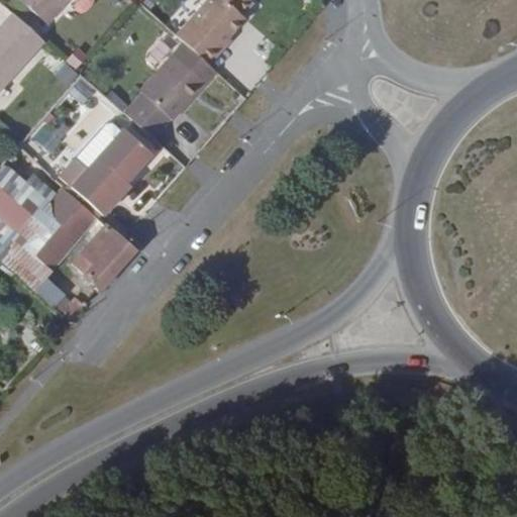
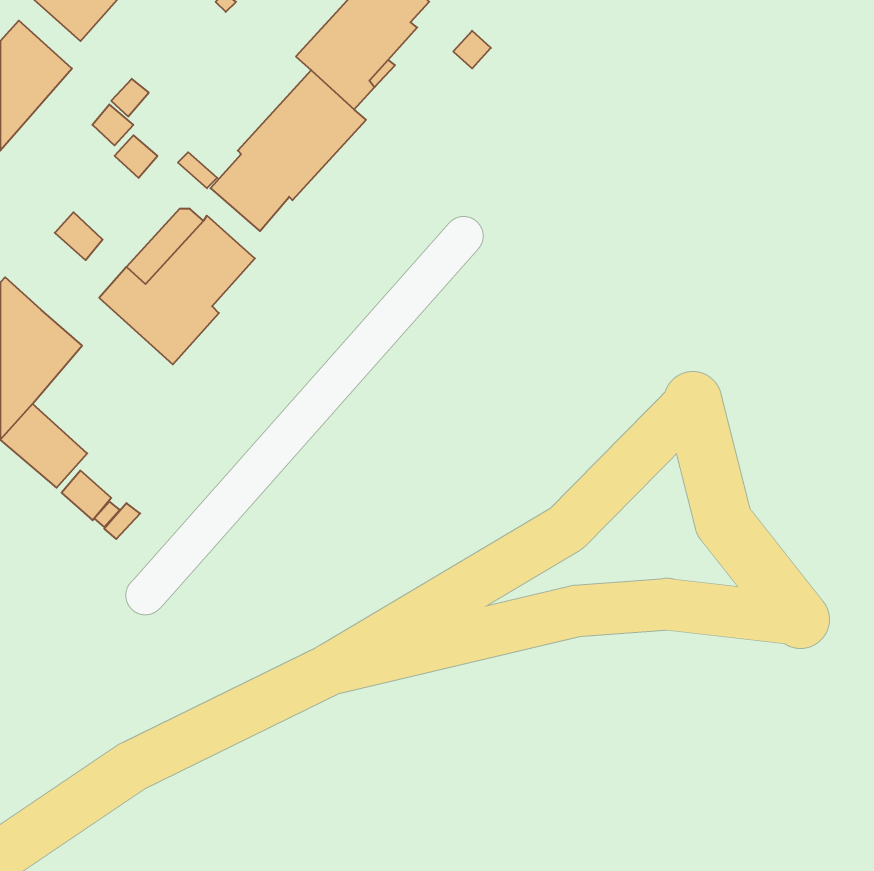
building: [19,188,97,268] -> none
building: [70,223,133,289] -> none

